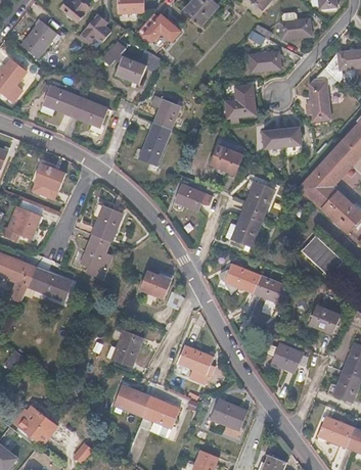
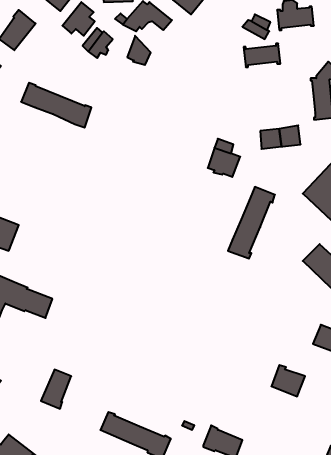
building: [115,56,145,83] -> none
building: [225,84,256,118] -> none
building: [138,98,181,166] -> none
building: [34,162,65,191] -> none
building: [174,183,205,212] -> none
building: [80,206,124,280] -> none
building: [218,264,284,302] -> none
building: [139,269,171,298] -> none
building: [114,331,141,367] -> [41,370,71,409]
building: [178,344,214,374] -> none

